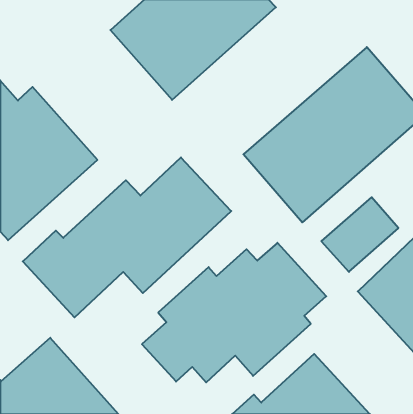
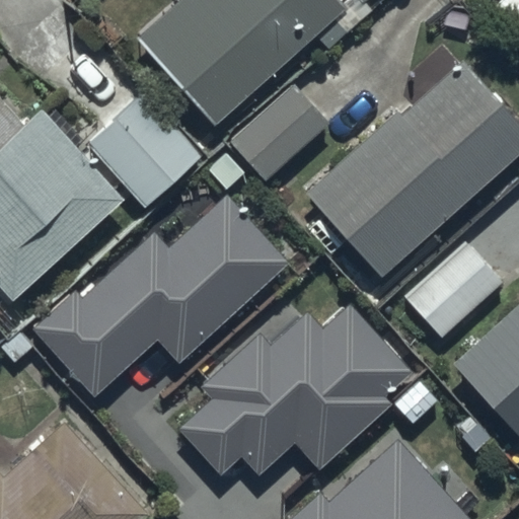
building: none -> [209,83,330,190]
building: none -> [89,94,201,207]

